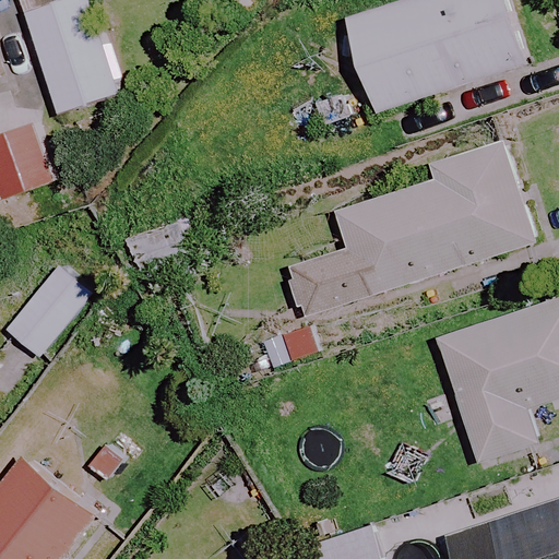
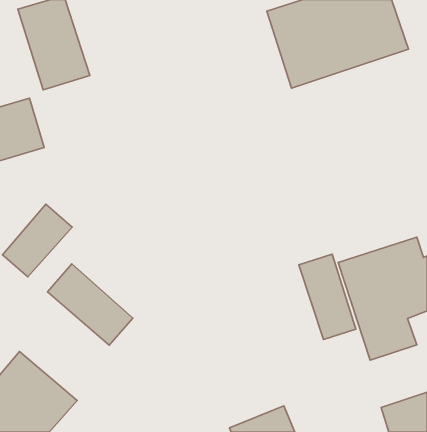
building: [287,144,535,317] -> none
building: none -> [299,254,356,339]
building: none -> [47,264,133,345]

